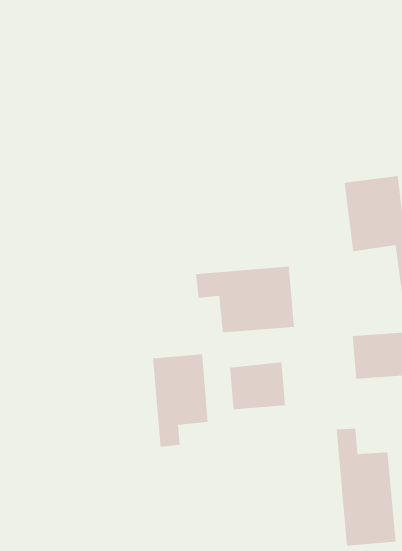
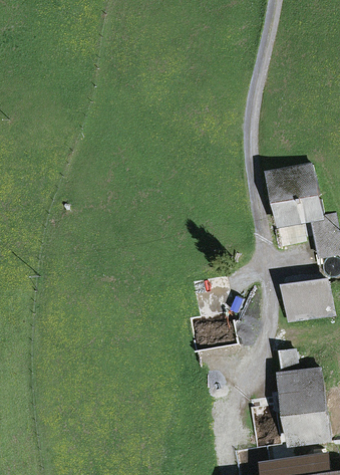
building: [196,266,294,333] -> none
building: [153,354,208,448] -> none

